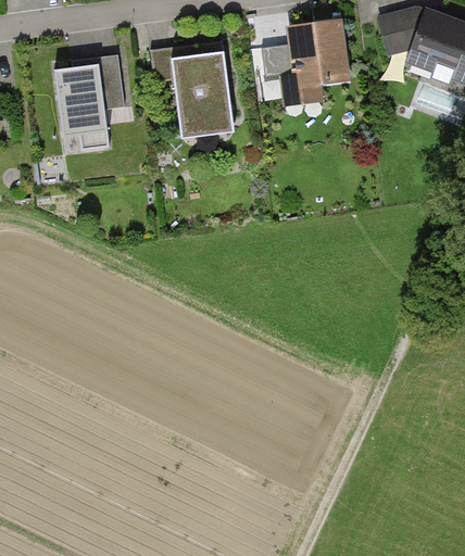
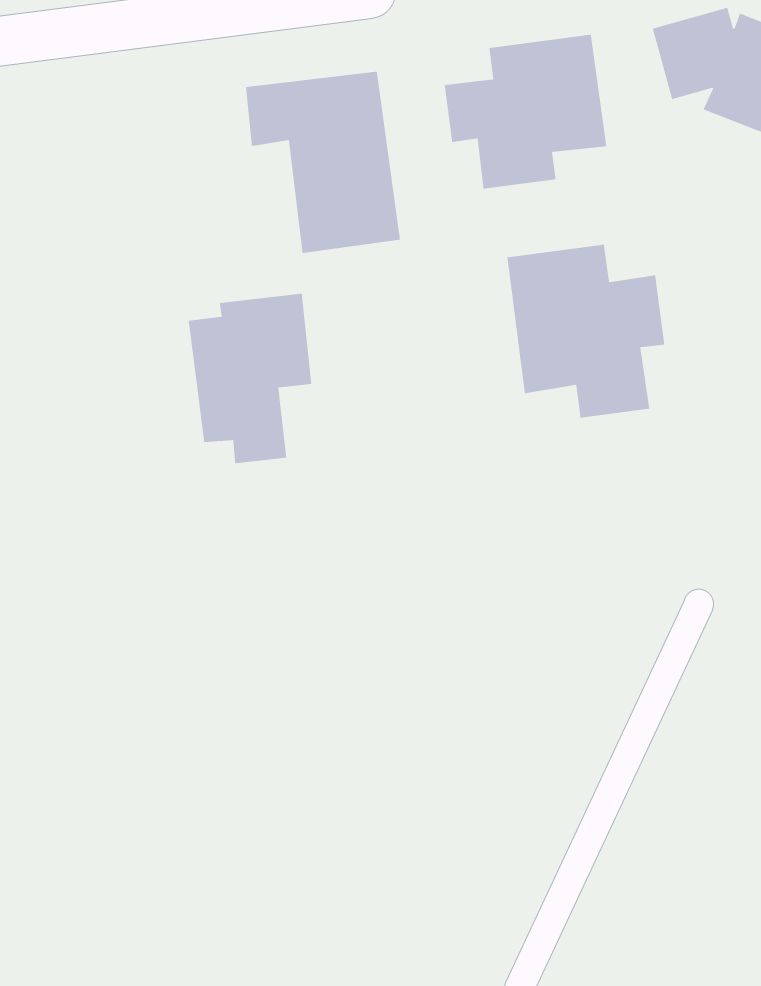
building: [53,55,123,151] -> [188,293,312,464]
building: none -> [506,244,665,419]

